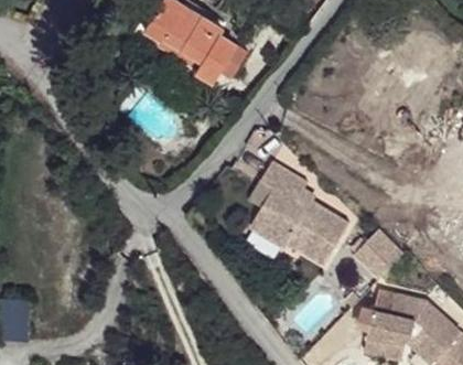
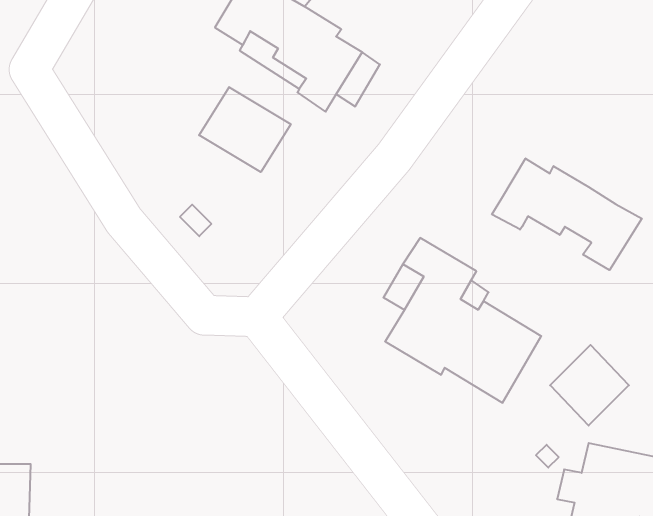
building: none -> [199,87,291,172]
building: none -> [492,158,642,270]

